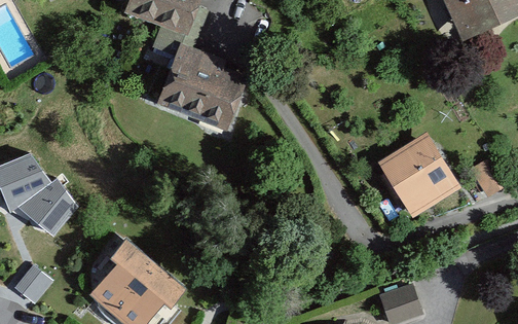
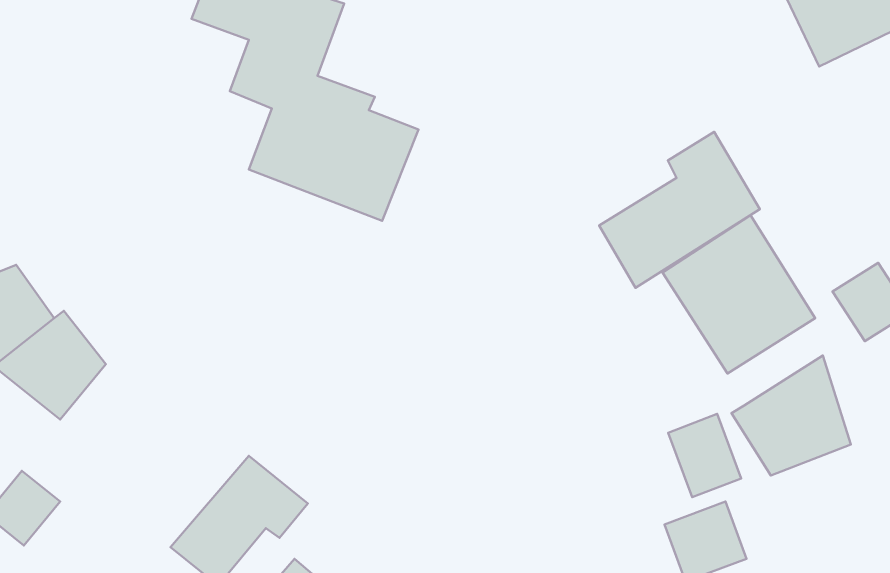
building: none -> [599,132,760,288]
building: none -> [732,356,851,475]
building: [88,232,154,308] -> none
building: none -> [668,414,741,497]

